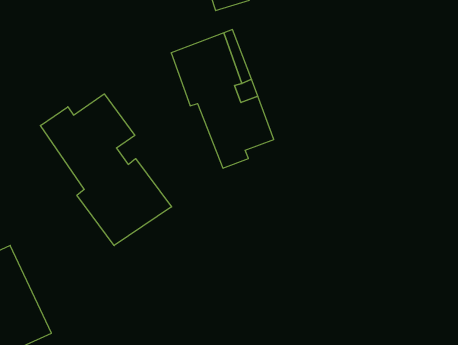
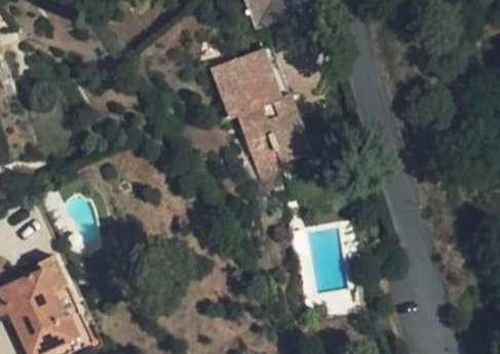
building: [40,94,172,246] -> none

